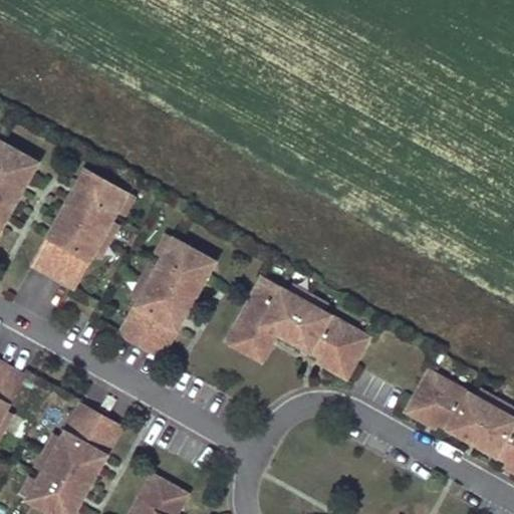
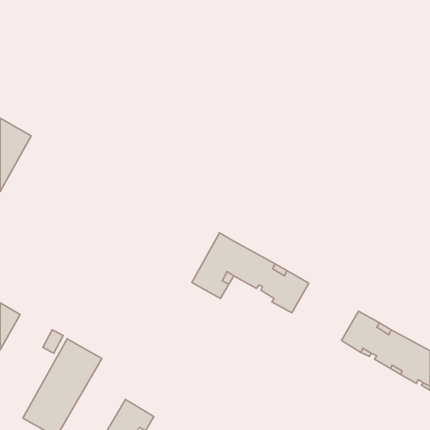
building: [32,170,126,289] -> none
building: [119,239,214,357] -> none

